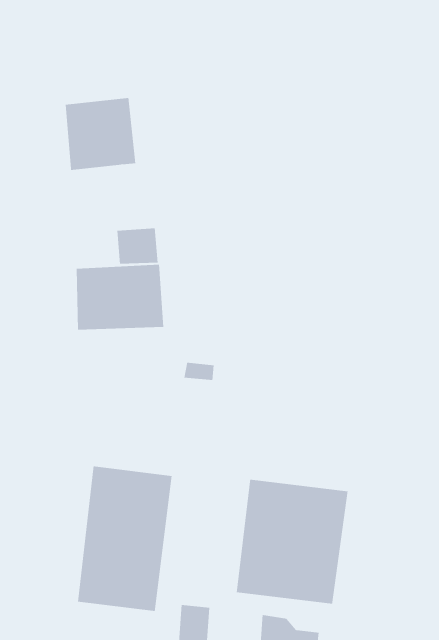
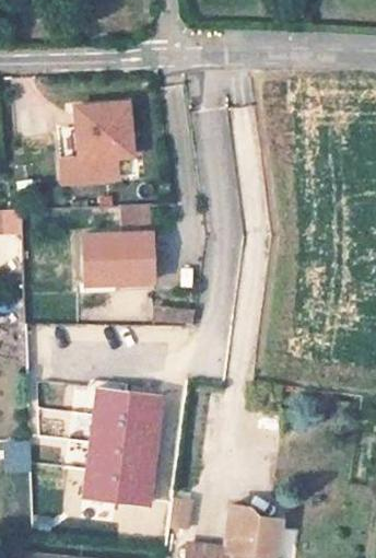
building: none -> [60,154,124,188]
building: [236,479,348,605] -> none

